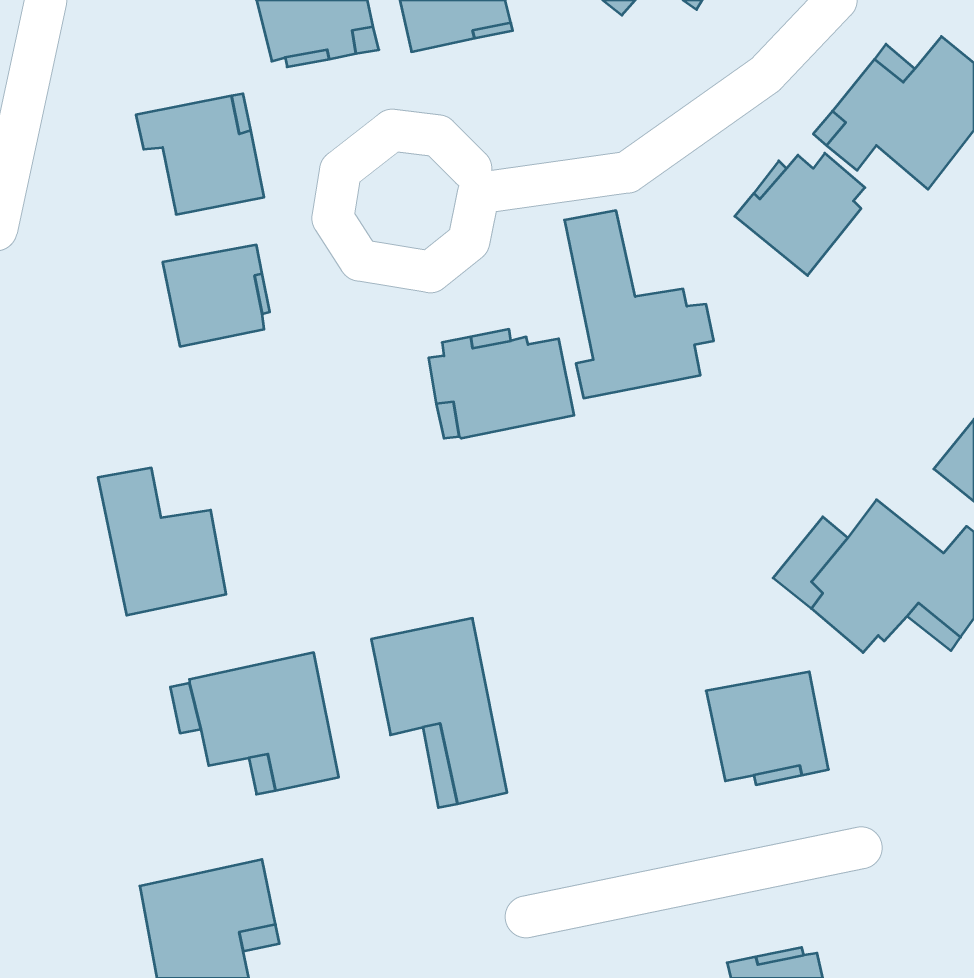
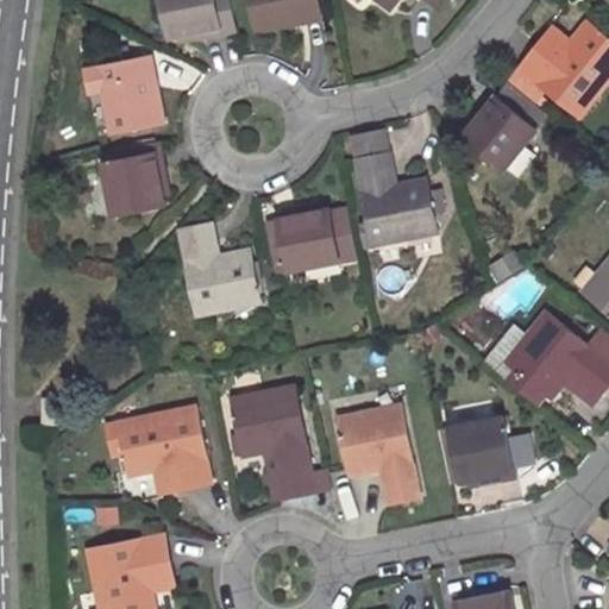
building: [98,468,226,615] -> [178,224,258,315]
building: none -> [337,404,419,504]

